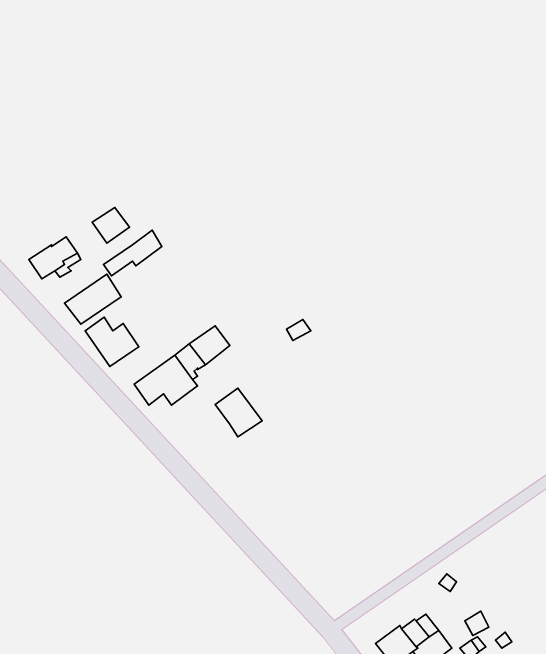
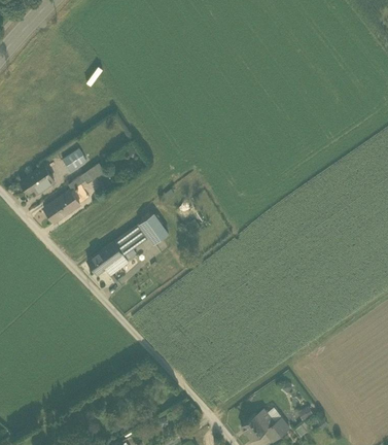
building: [85,317,139,367] -> none
building: [215,388,262,437] -> [140,213,170,244]

